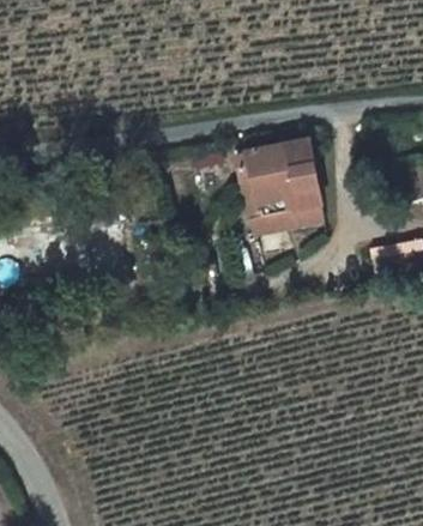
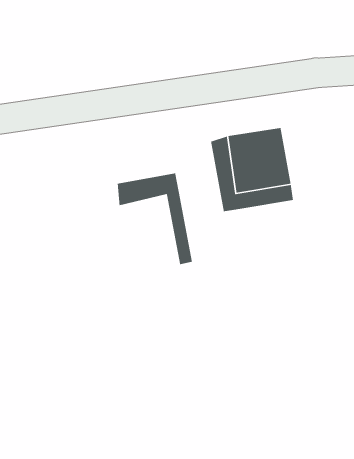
building: none -> [117,172,193,265]

